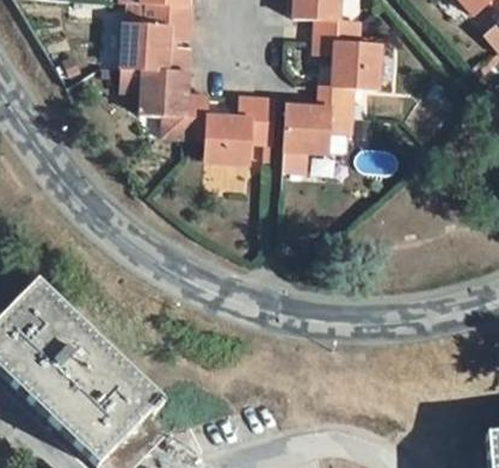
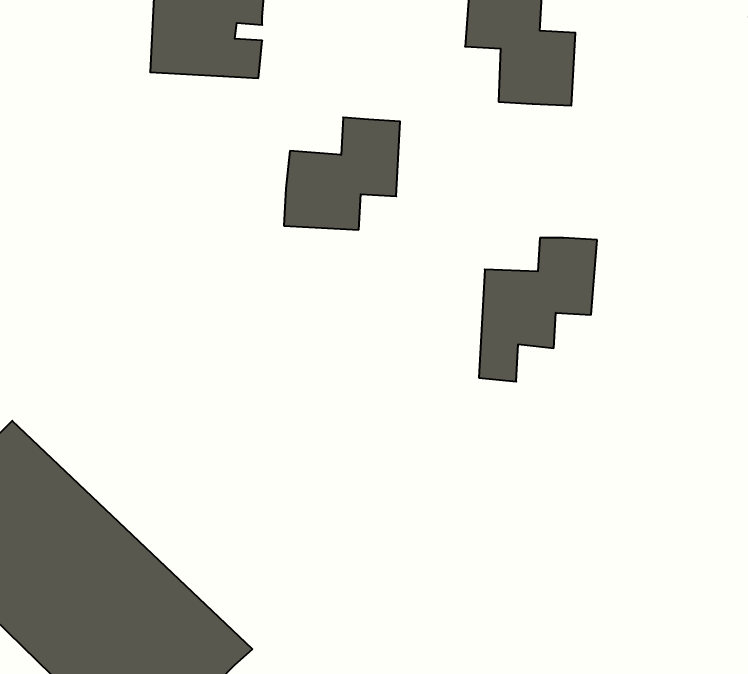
building: [121,67,208,137] -> none
building: [282,85,353,172] -> [479,238,597,382]

